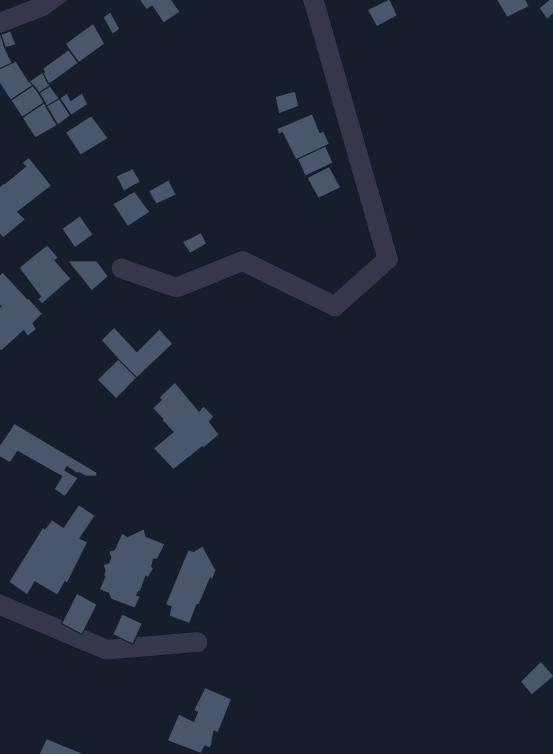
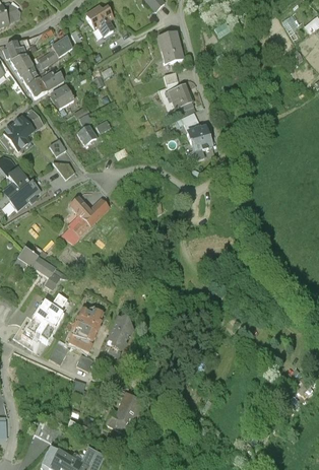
building: none -> [158,30,182,62]
building: none -> [186,125,211,151]
building: [19,245,71,304] -> none
building: [153,382,220,470] -> none

